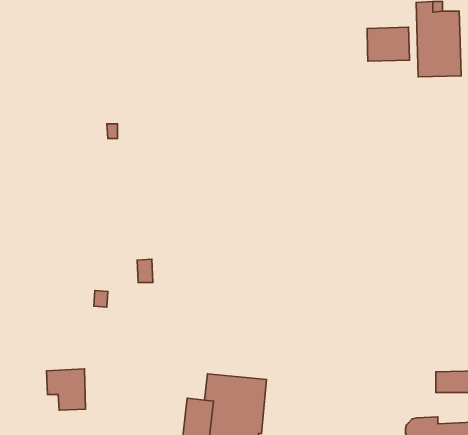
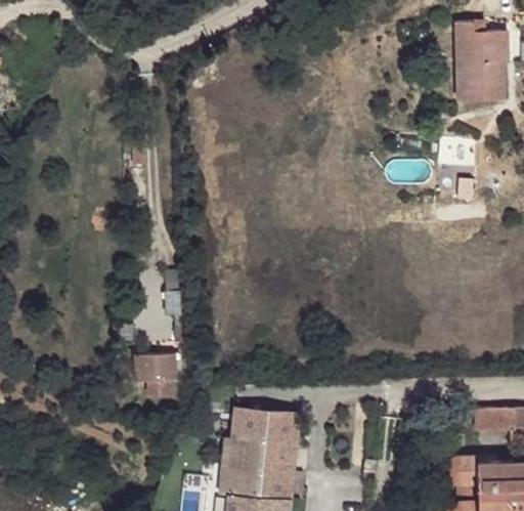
building: [367,27,409,61] -> none
building: [46,369,86,410] -> [135,353,176,396]

